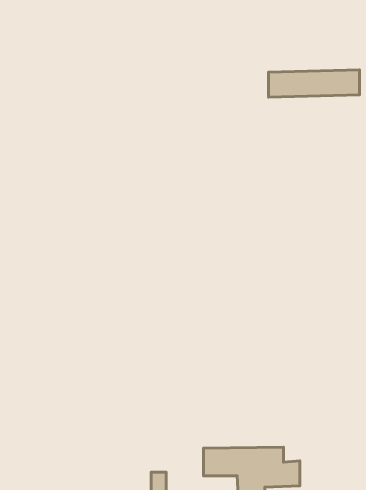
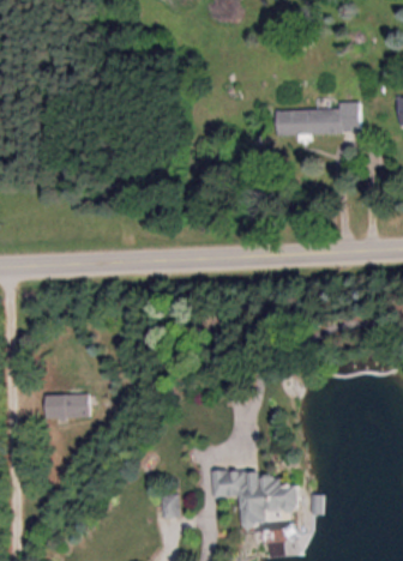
building: none -> [44,394,89,417]

